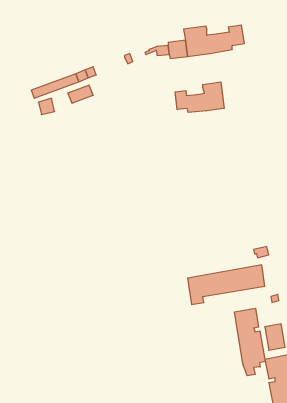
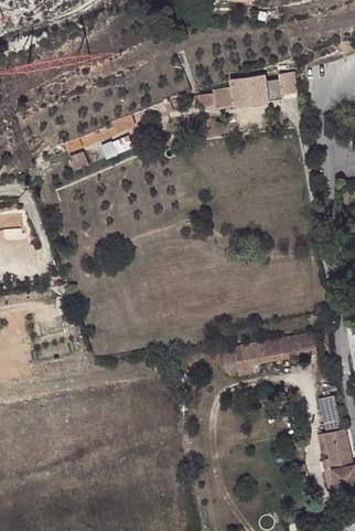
building: [175,82,224,112] -> none
building: [235,308,265,376] -> none

